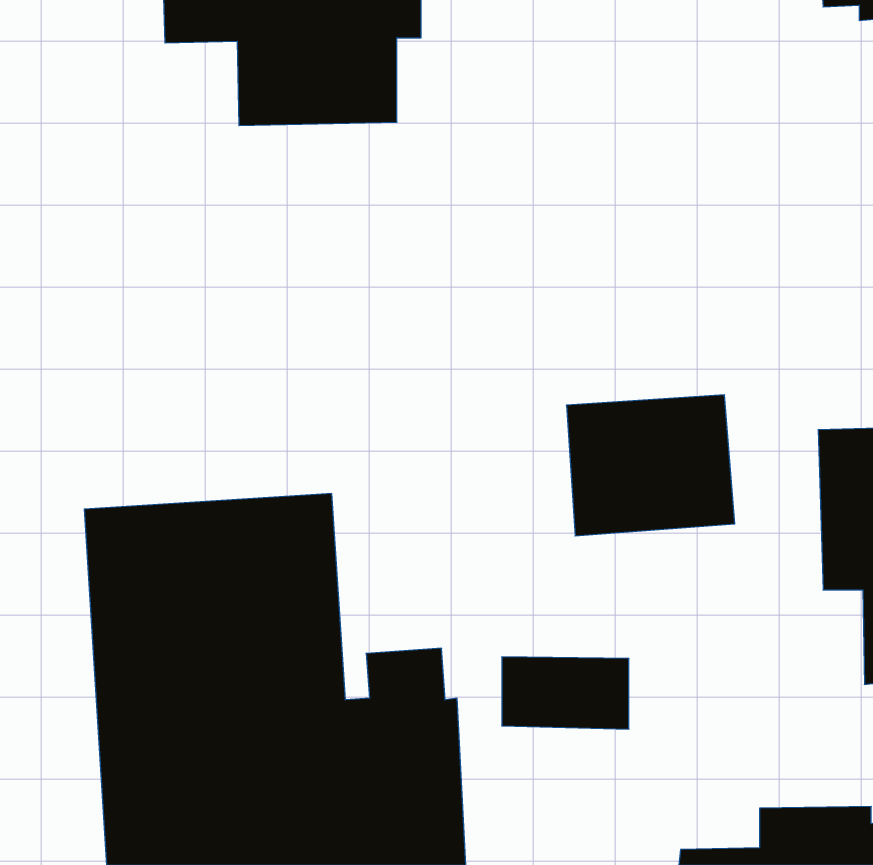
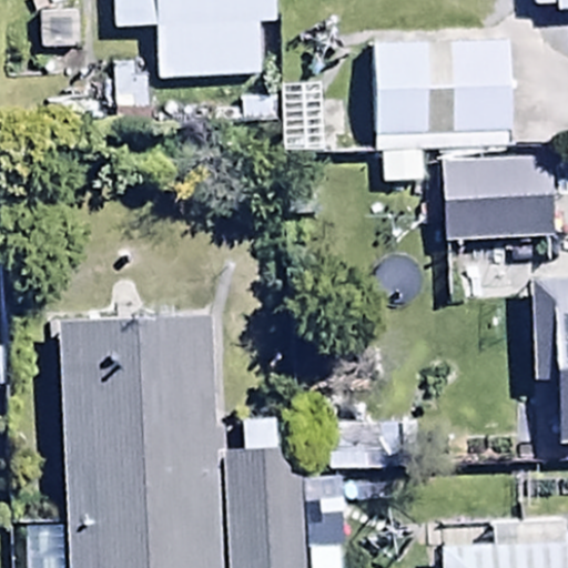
building: none -> [281,28,511,154]
building: [566,395,735,536] -> [447,156,556,247]

